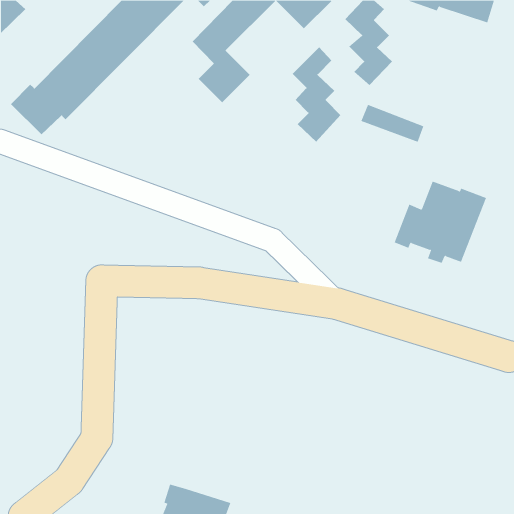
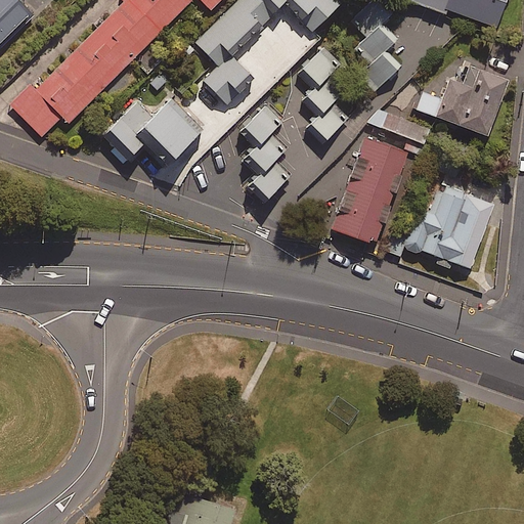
building: none -> [418,62,507,133]
building: none -> [100,91,202,165]
building: none -> [245,104,289,196]
building: none -> [332,135,409,243]

